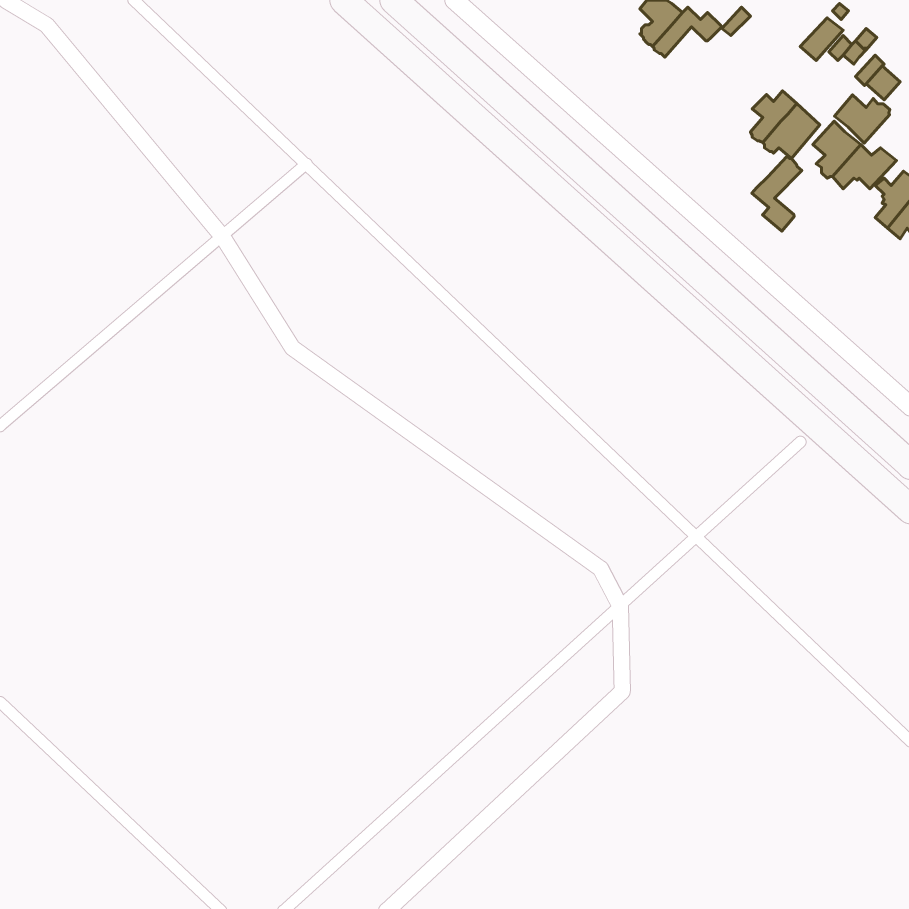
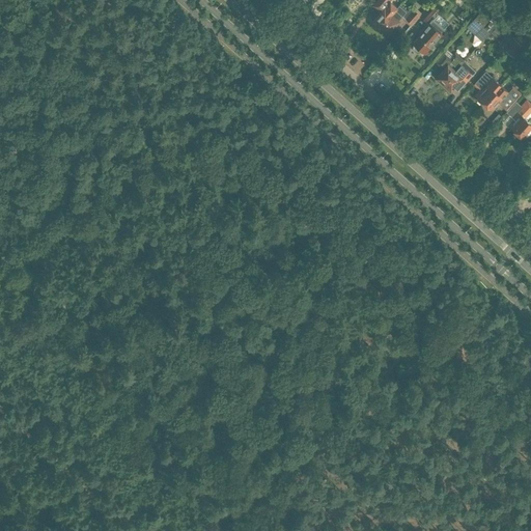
building: none -> [414,20,446,54]
building: [835,95,890,143] -> none
building: [752,157,802,231] -> none

